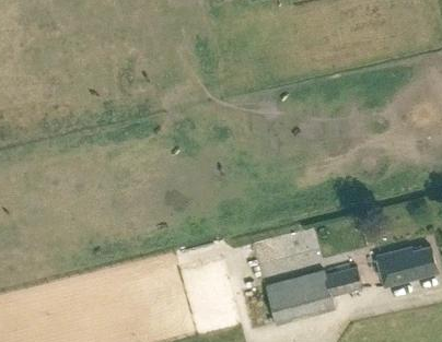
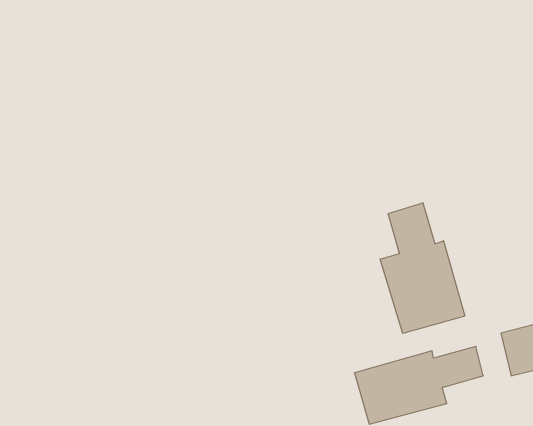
building: none -> [380,203,465,333]

